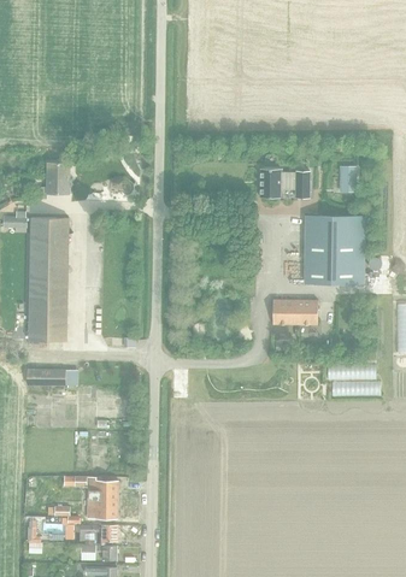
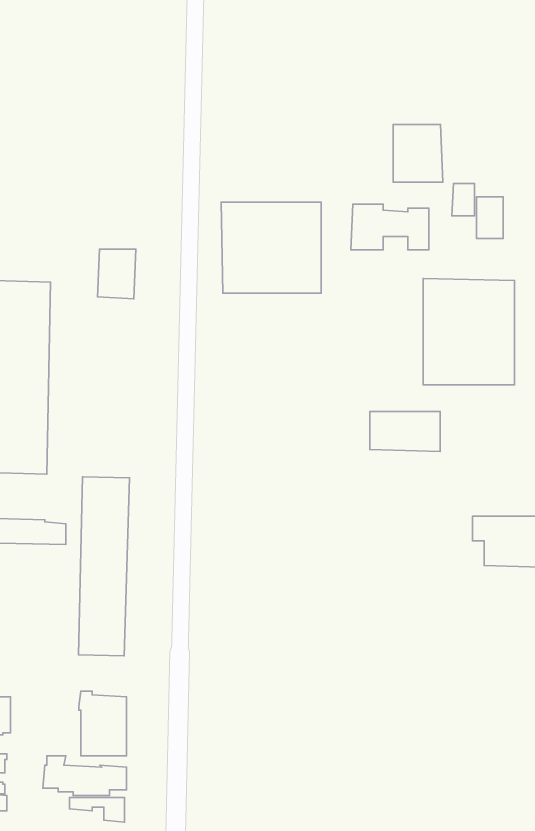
building: none -> [393,124,443,182]
building: [45,163,69,194] -> [98,249,136,299]
building: none -> [221,202,321,293]
building: none -> [78,477,130,656]

